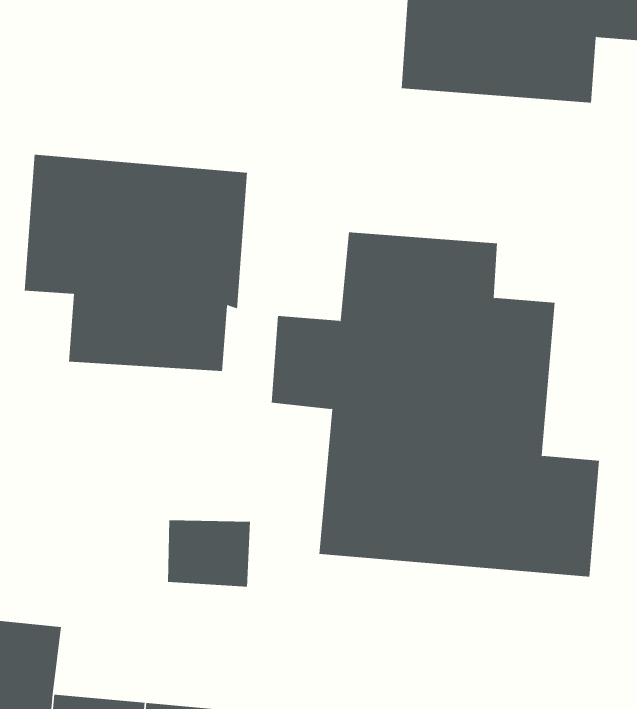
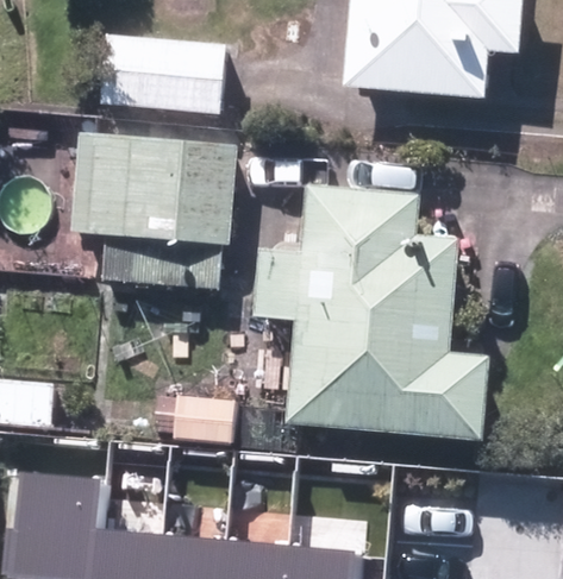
building: none -> [96,38,226,114]

